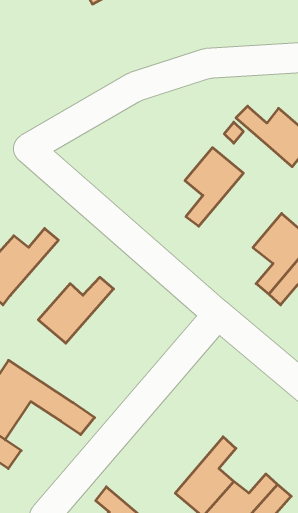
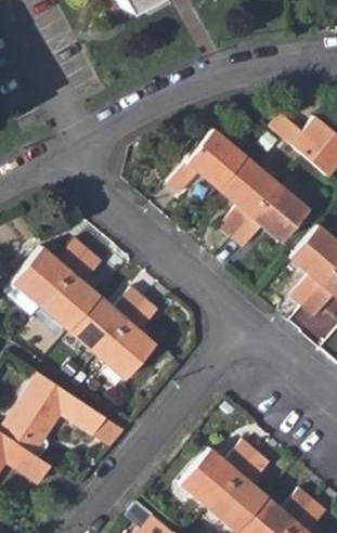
building: none -> [168,129,246,194]
building: none -> [232,176,314,246]
building: none -> [40,250,102,331]
building: none -> [96,300,157,379]
building: none -> [180,440,257,508]

